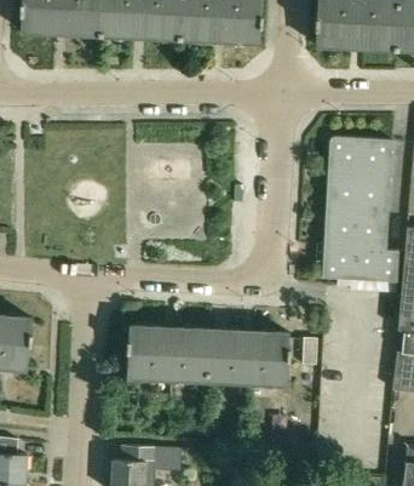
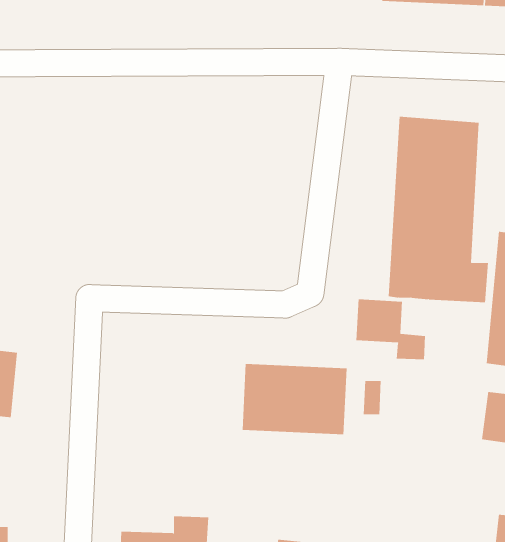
building: none -> [356,298,425,360]
building: [126,325,209,381] -> none

